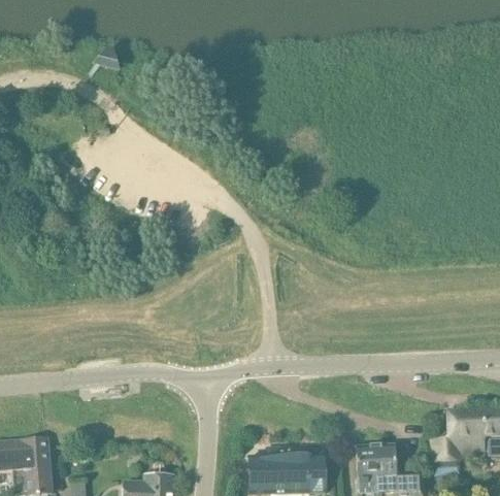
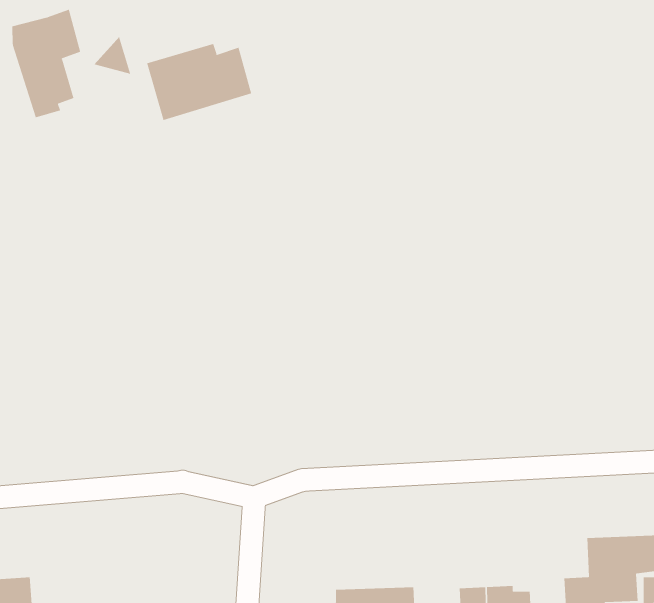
building: none -> [12,9,81,118]
building: none -> [146,43,252,121]

